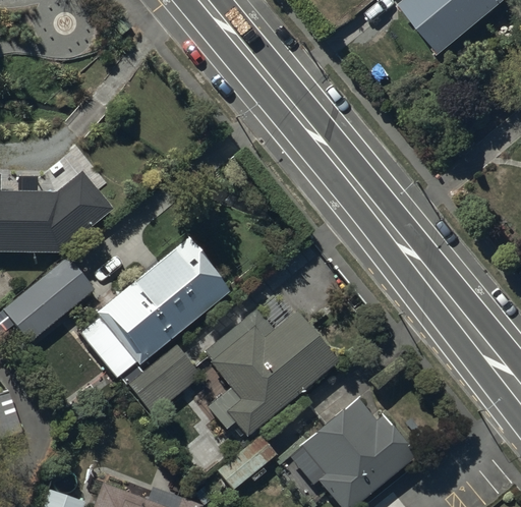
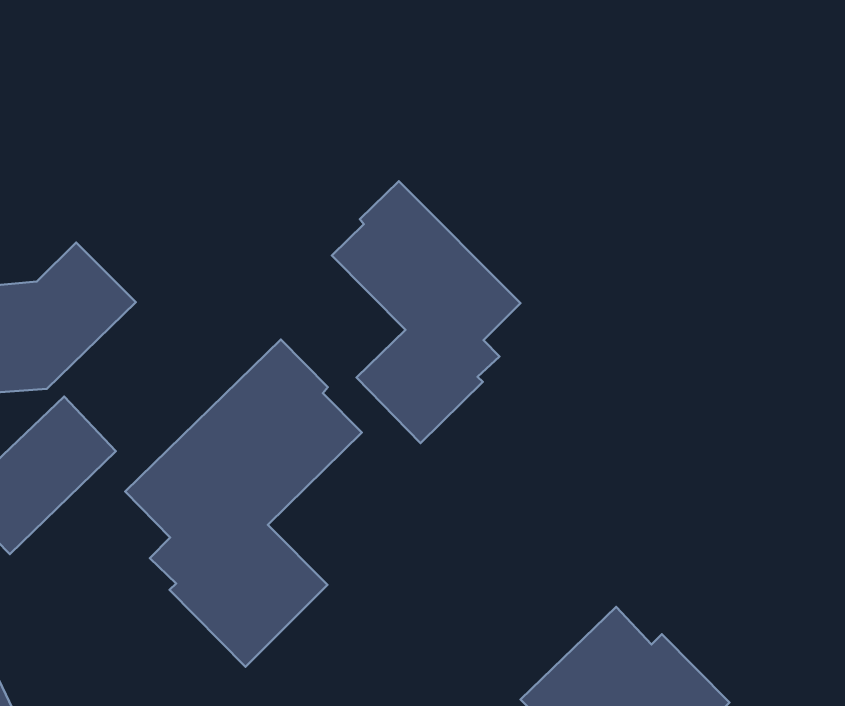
building: none -> [332,181,520,443]
building: [206,308,336,437] -> none

